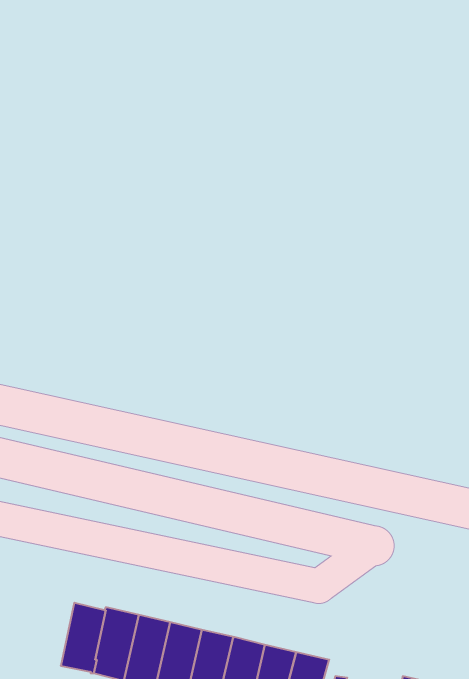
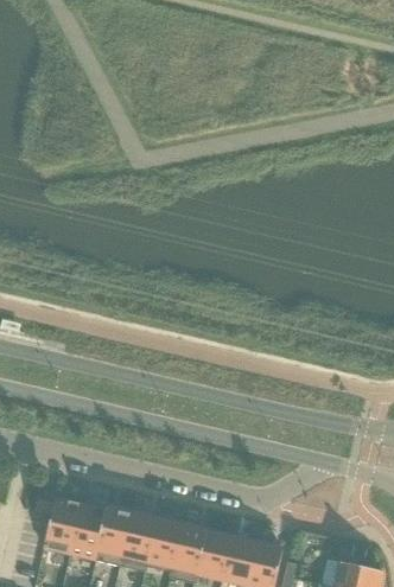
building: none -> [34,497,81,553]

